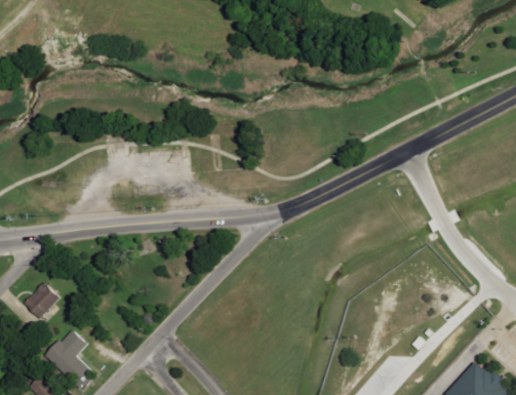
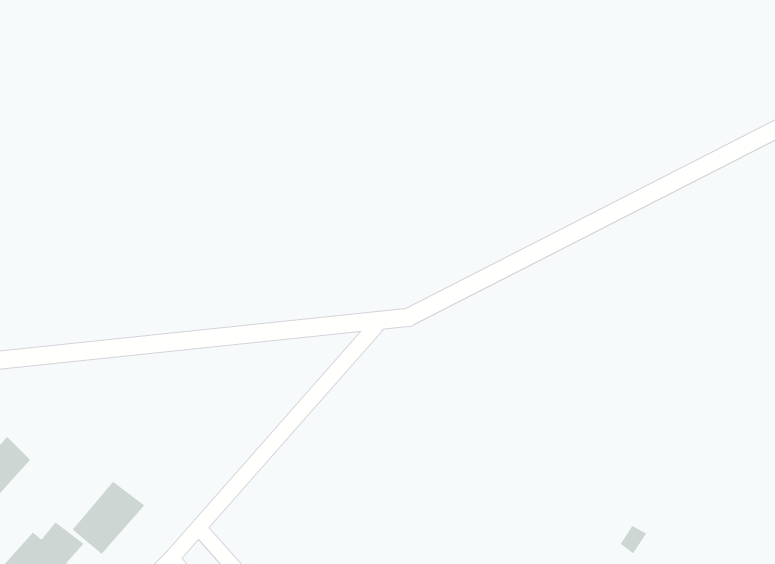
building: none -> [72,481,145,555]

